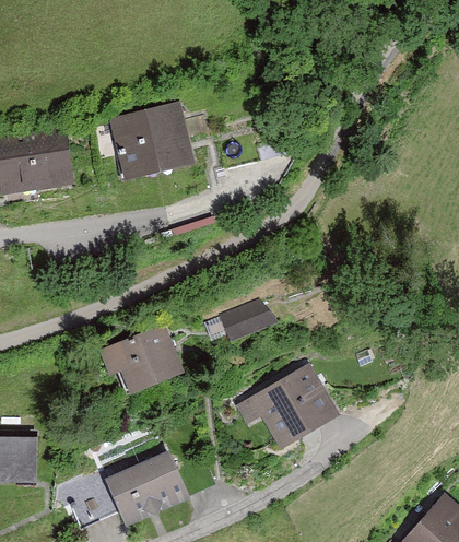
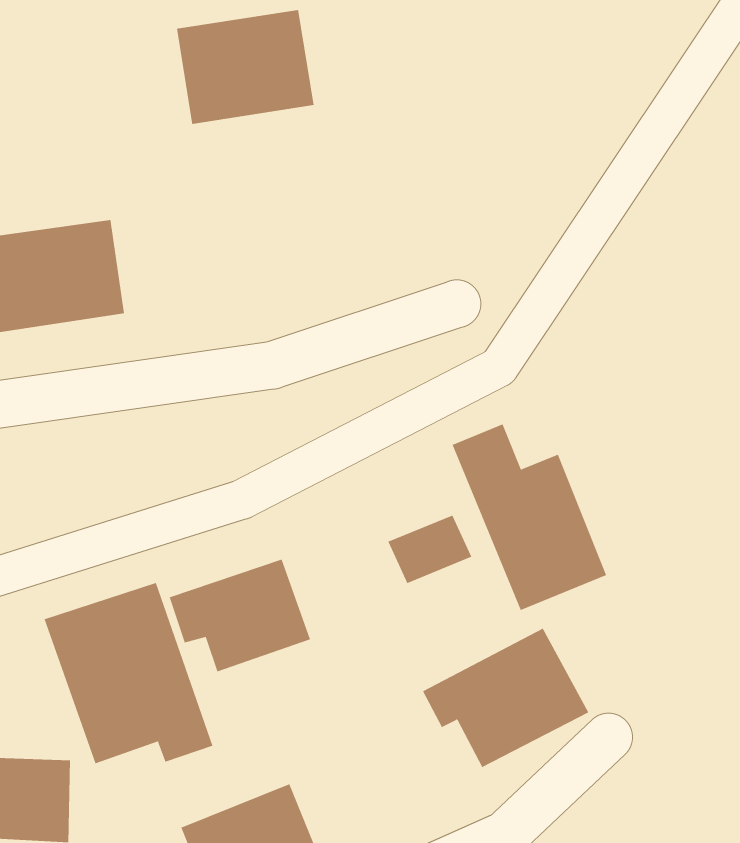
building: [110,107,189,173] -> [176,9,314,124]
building: none -> [452,423,607,611]
building: none -> [44,582,213,764]

